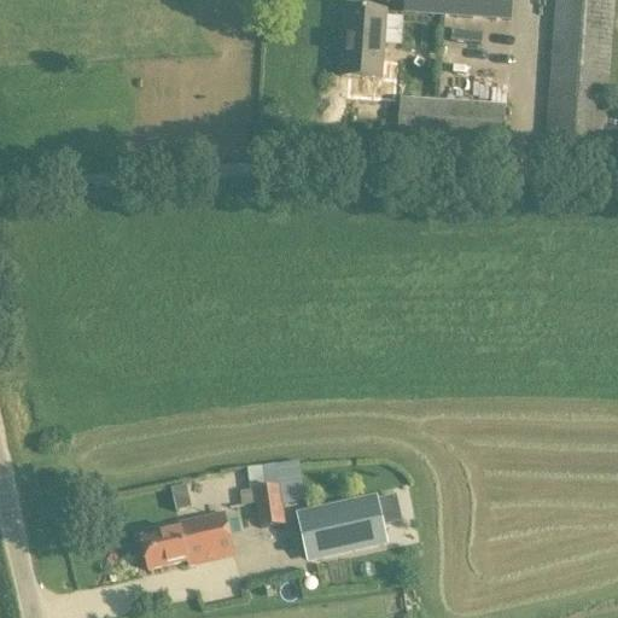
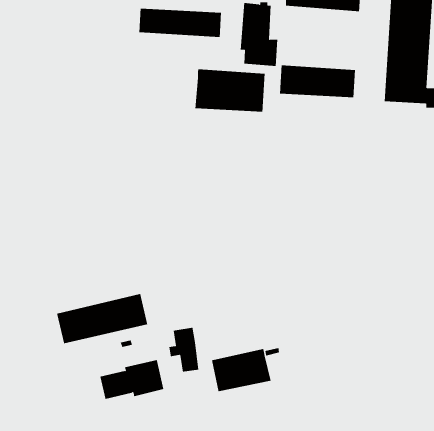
building: none -> [139,8,222,38]
building: none -> [195,68,265,112]
building: none -> [57,293,148,344]

